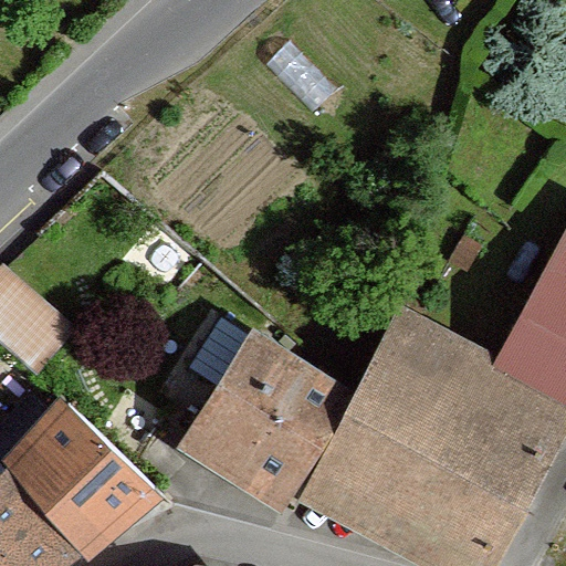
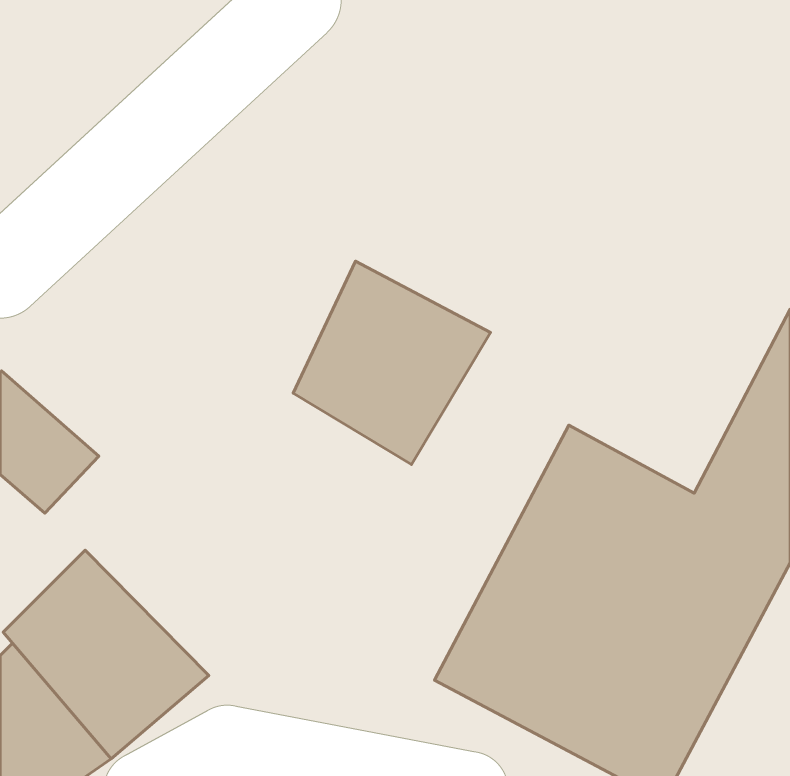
building: none -> [293,261,490,464]
building: [184,332,349,503] -> none

